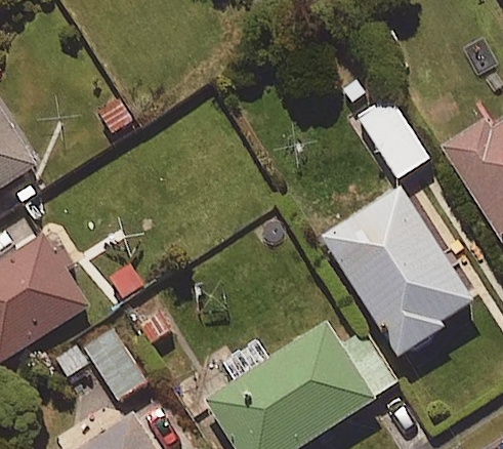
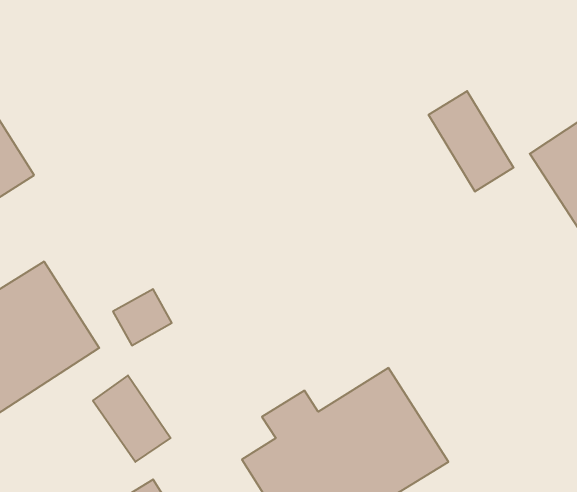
building: [321,186,474,356] -> none

